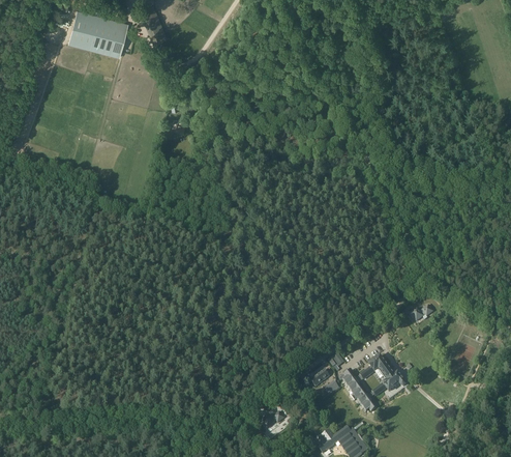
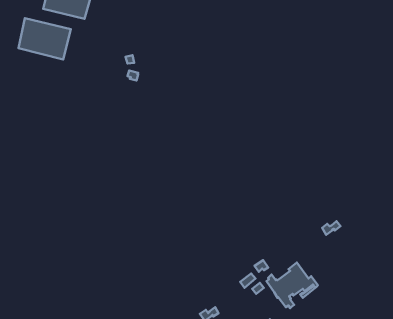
building: none -> [18,18,71,60]

